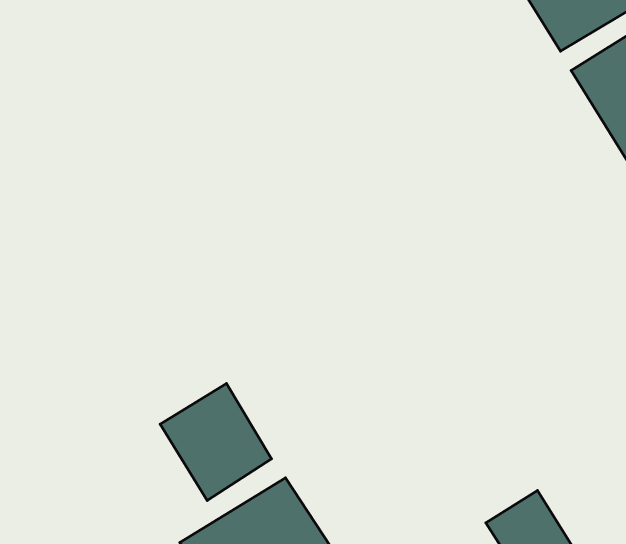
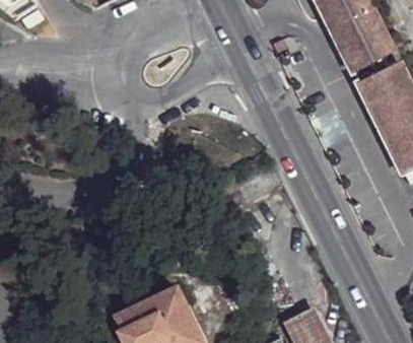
building: [160,384,272,500] -> none

